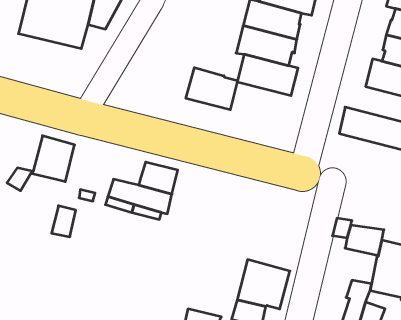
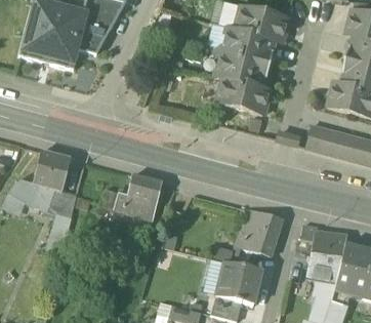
building: [186,68,238,110] -> none
building: none -> [22,181,53,210]
building: none -> [236,209,282,255]
building: none -> [305,250,340,282]

